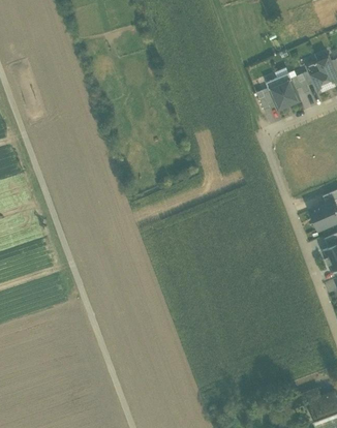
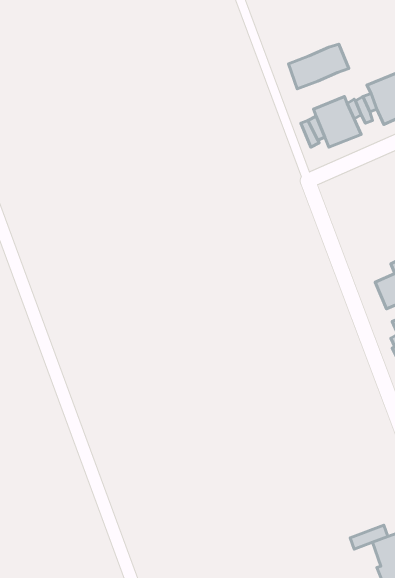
building: none -> [289,44,349,89]

